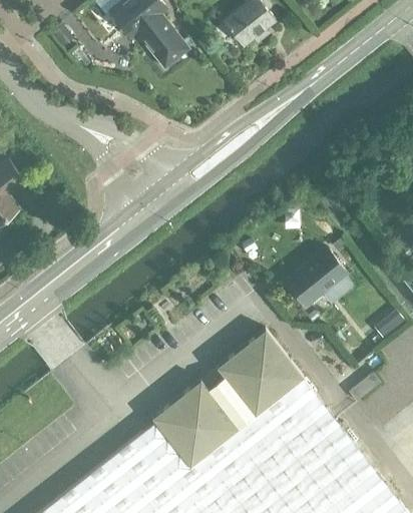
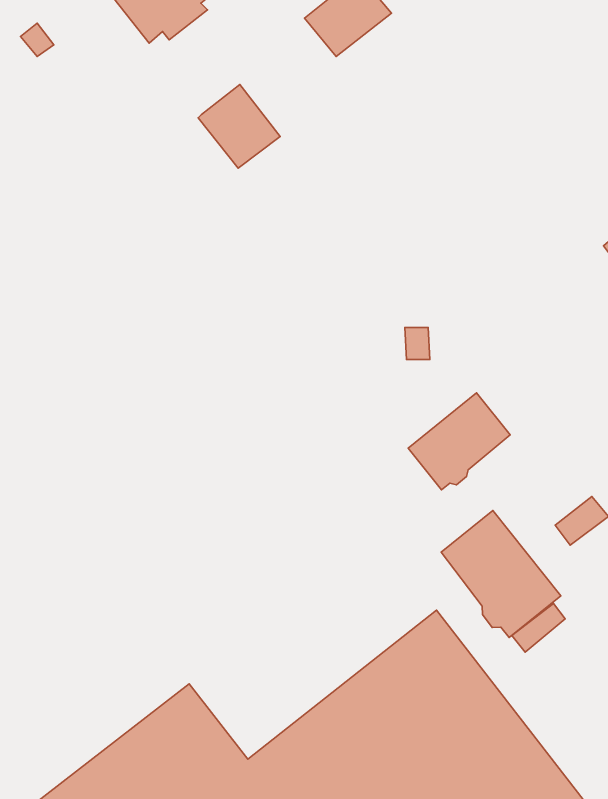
building: [140,18,189,68] -> [198,85,280,168]
building: none -> [441,511,561,638]
building: [151,329,304,467] -> none

